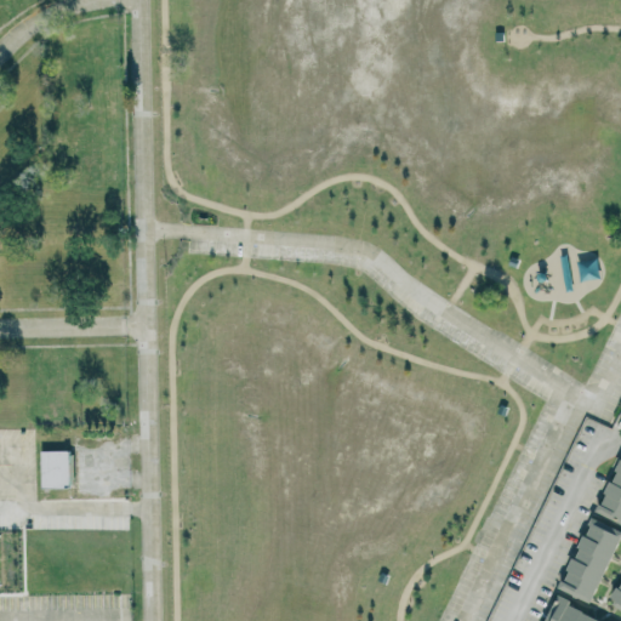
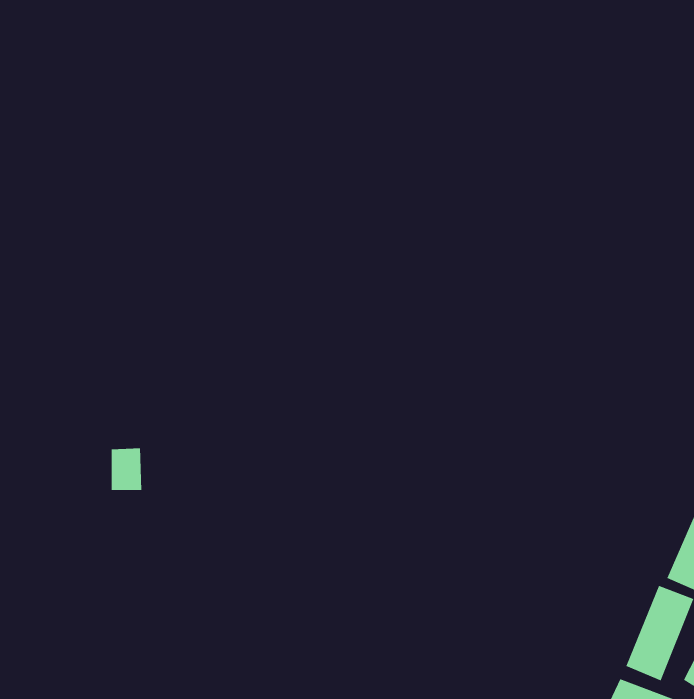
building: [51,451,79,489] -> [111,448,142,491]

